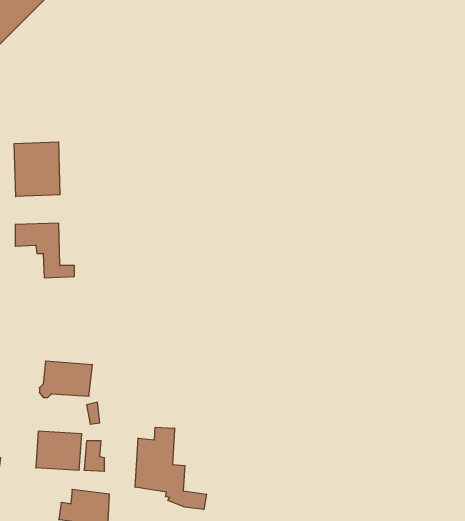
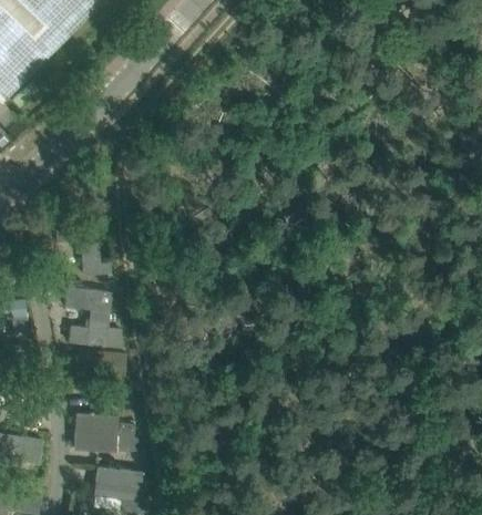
building: [14,142,60,197] -> none
building: none -> [68,285,124,347]
building: [135,427,206,510] -> none

